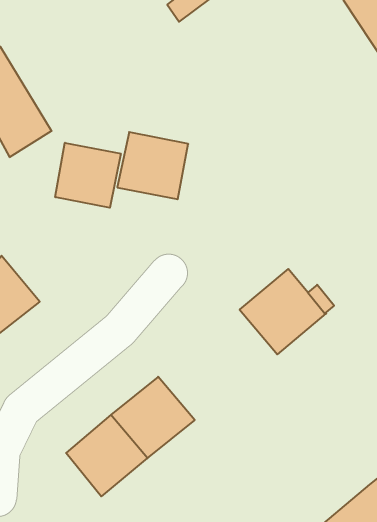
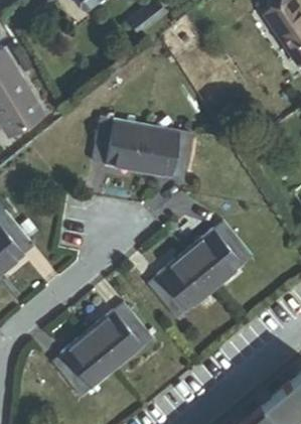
building: [55,143,121,208] -> none
building: none -> [139,126,192,177]
building: none -> [148,253,215,319]

